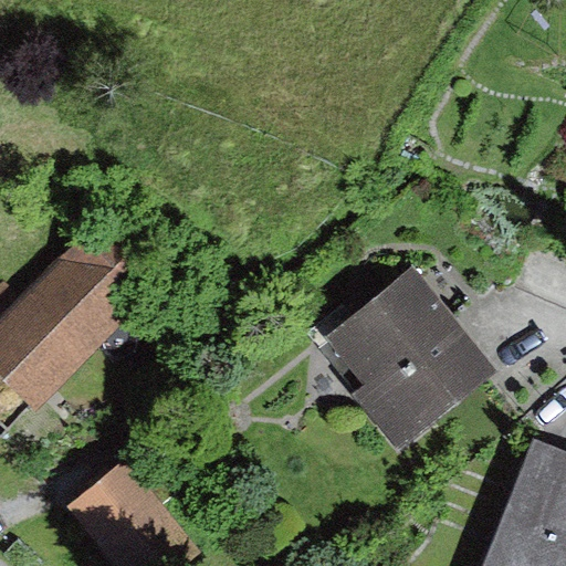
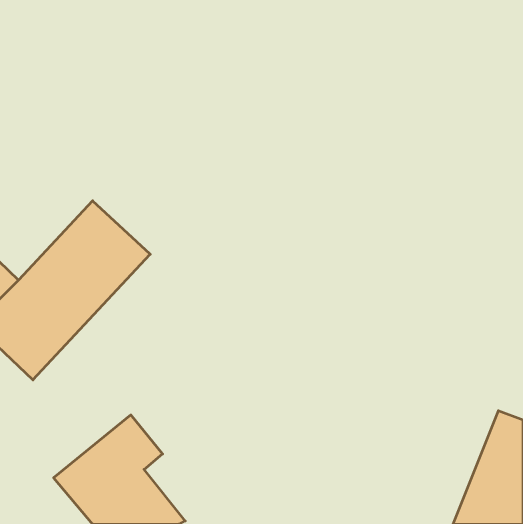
building: [328,271,494,451] -> none

